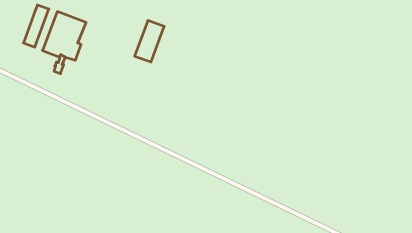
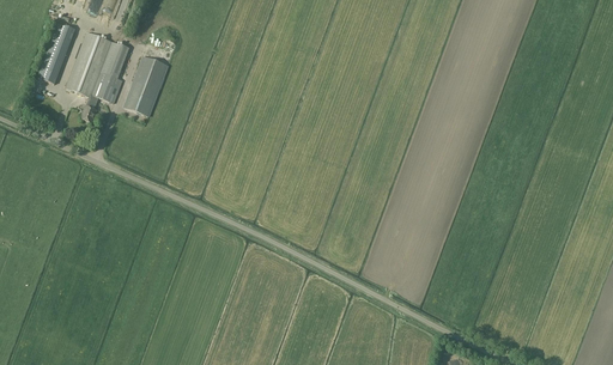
building: [135,21,164,62] -> [125,56,168,116]

